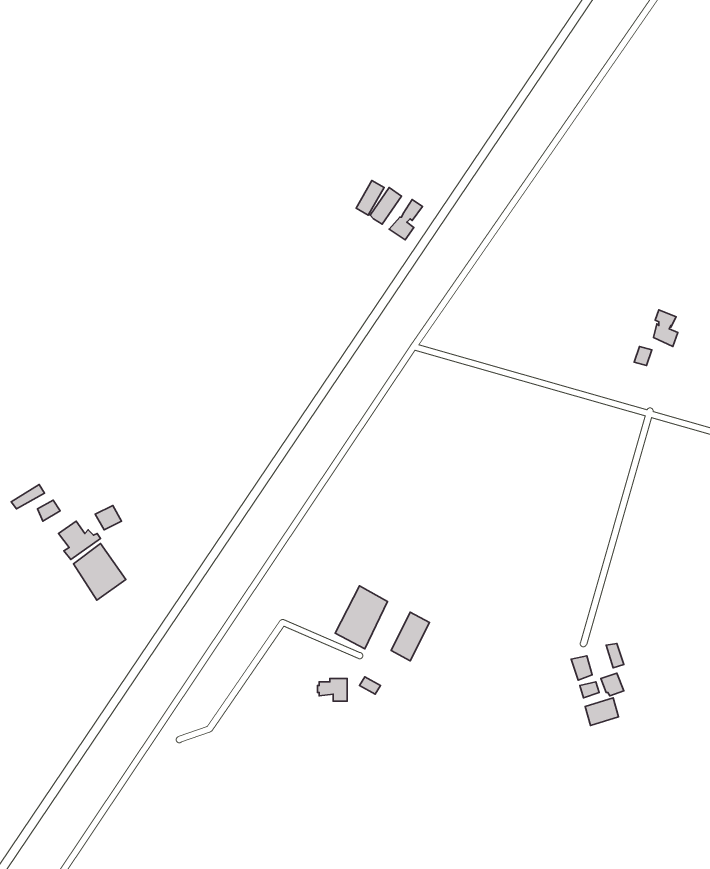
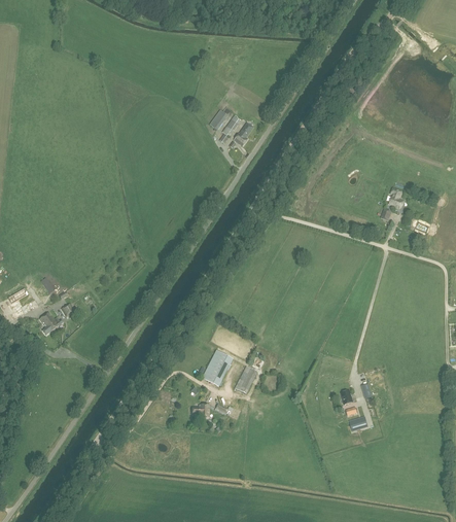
building: [73,544,126,600] -> none

